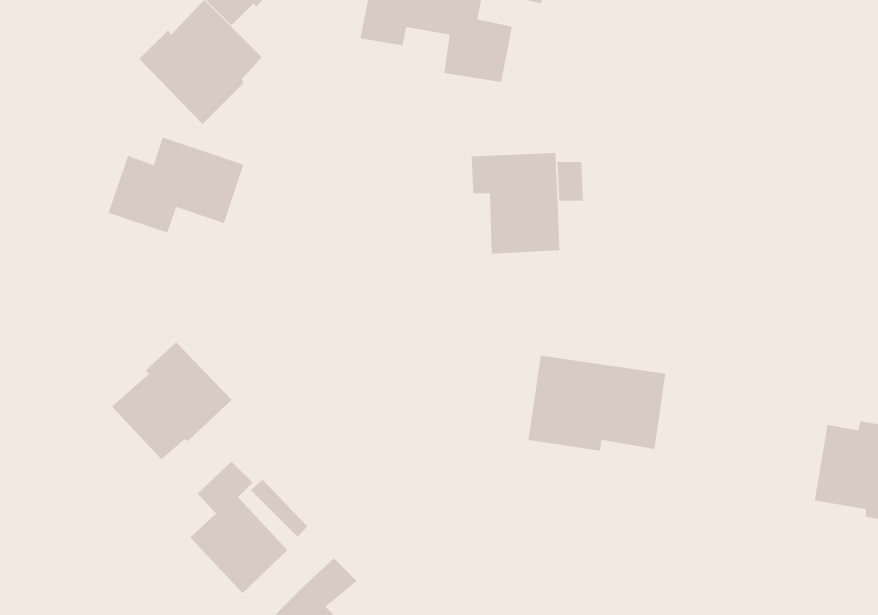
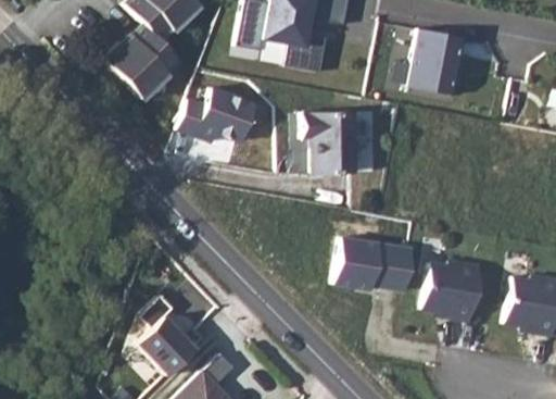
building: none -> [407,29,464,97]
building: [108,137,244,233] -> [180,86,262,144]
building: [111,341,233,460] -> none
building: none -> [424,260,481,321]

